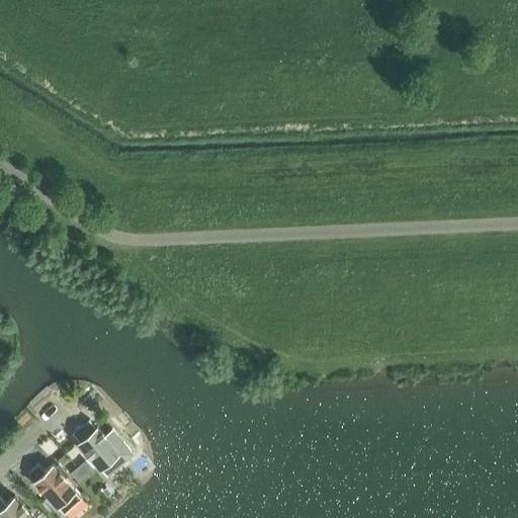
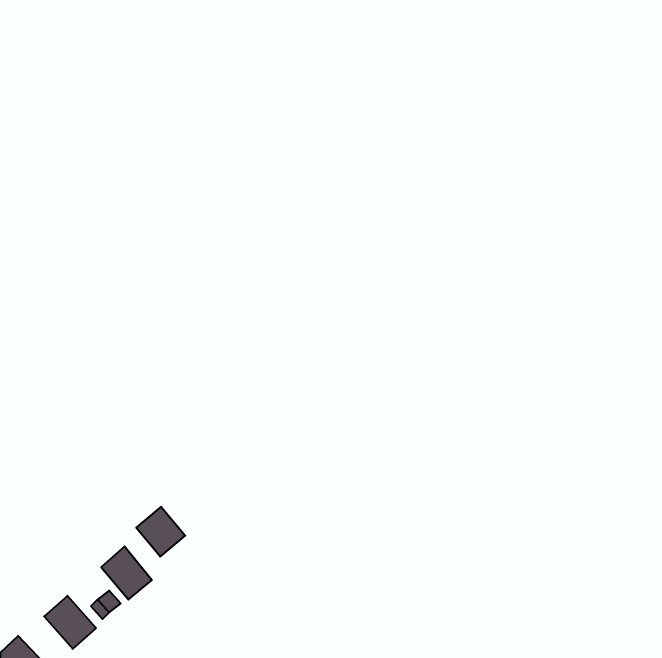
building: none -> [136,507,185,557]

